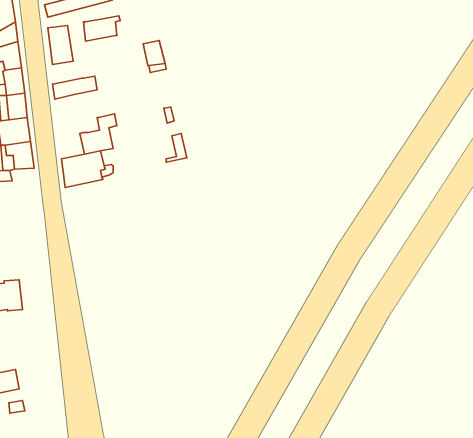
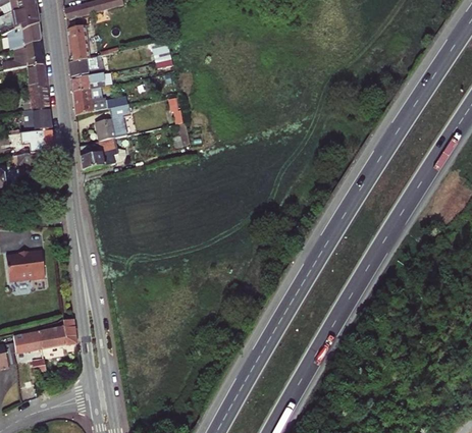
building: [83,16,120,41] -> [68,56,101,78]
building: none -> [72,88,111,114]
building: none -> [38,320,76,348]

